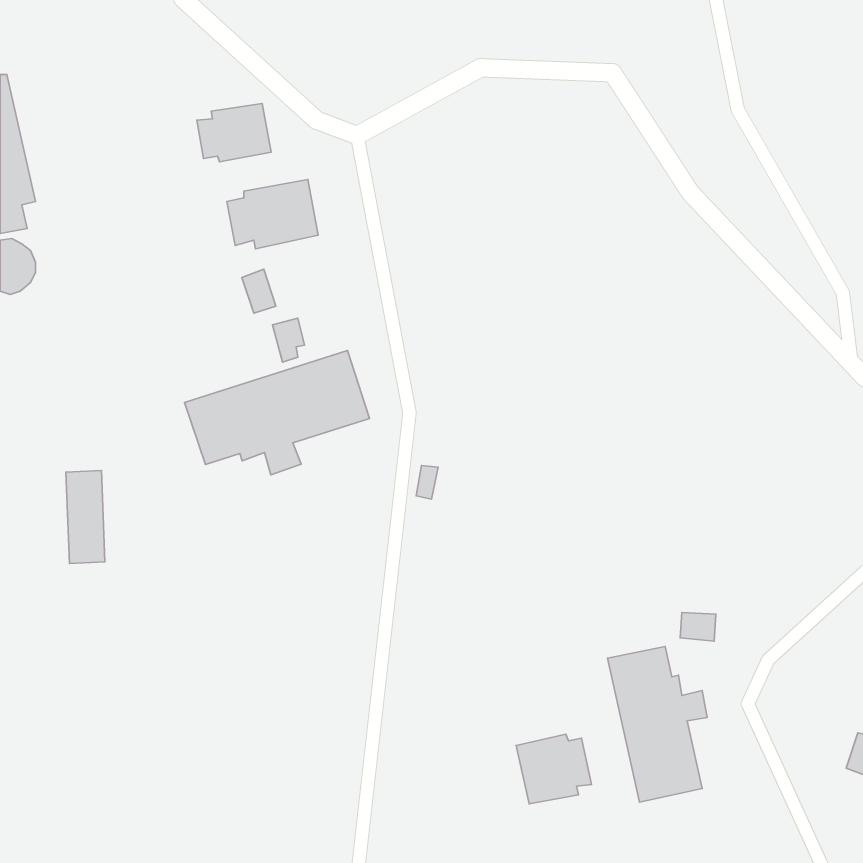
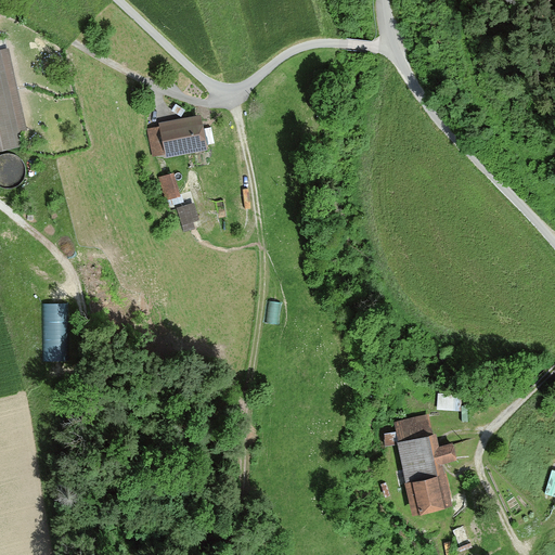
building: [197,104,271,162] -> none
building: [185,351,370,475] -> none
building: [516,734,592,804] -> none

